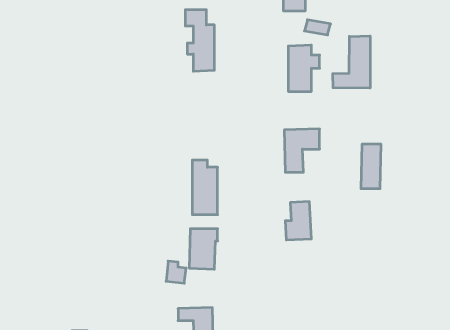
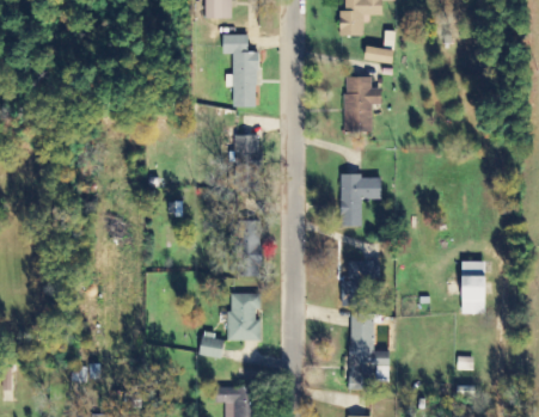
building: [333,36,370,88] -> none
building: none -> [233,134,261,191]
building: [361,144,381,189] -> [461,260,485,313]
building: none -> [349,313,373,388]

